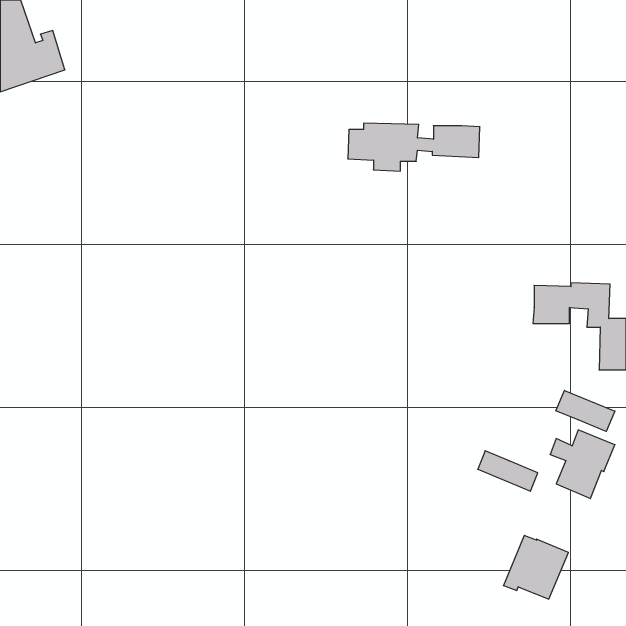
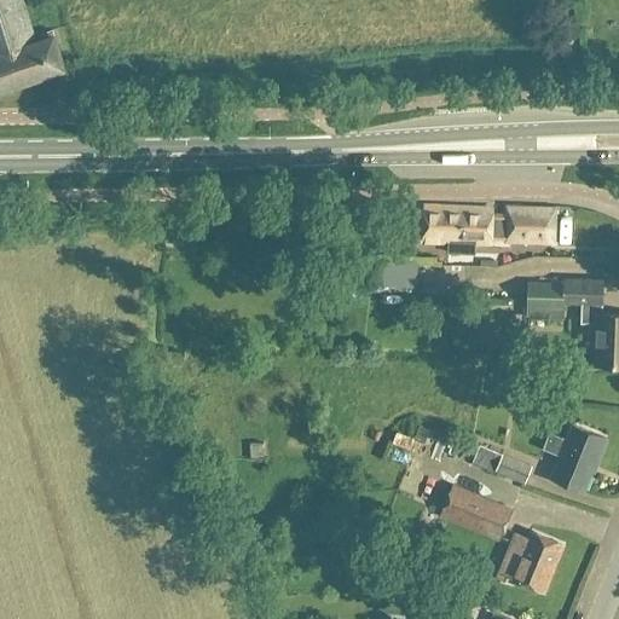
building: [348,123,480,171] -> [422,207,553,254]
building: [556,390,615,431] -> none
building: none -> [440,486,510,538]

